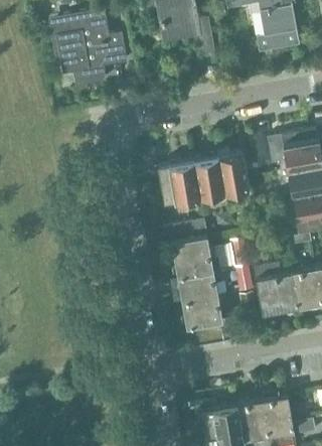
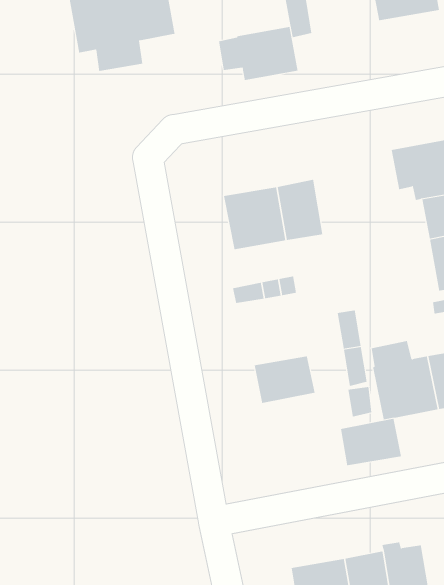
building: none -> [219,26,298,81]
building: [217,154,251,194] -> none
building: [172,238,214,280] -> none
building: [183,298,223,329] -> [340,418,402,466]

